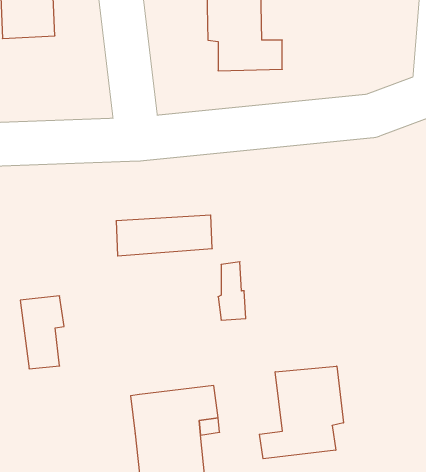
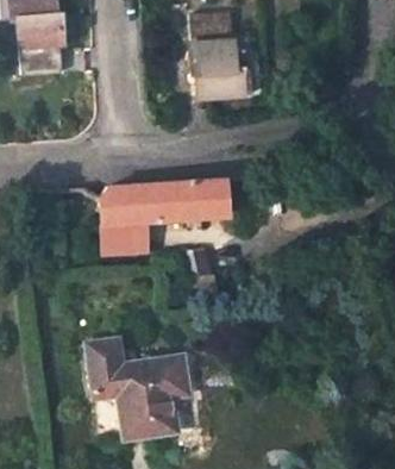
building: none -> [109,179,234,220]
building: [20,296,64,369] -> [93,337,128,396]
building: [259,366,343,459] -> none

